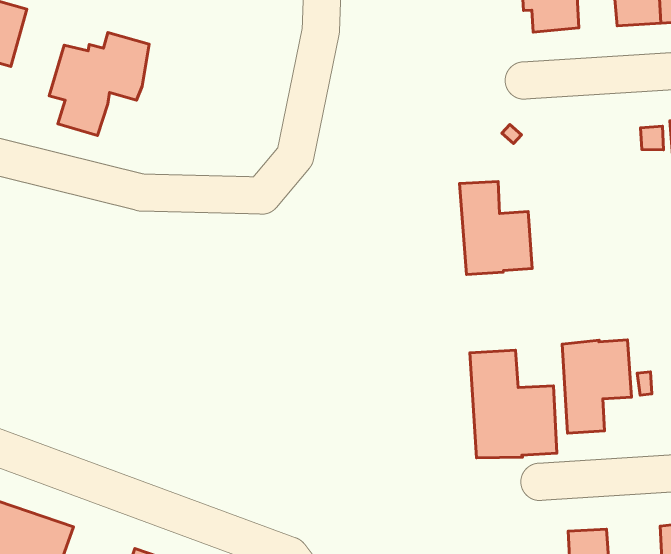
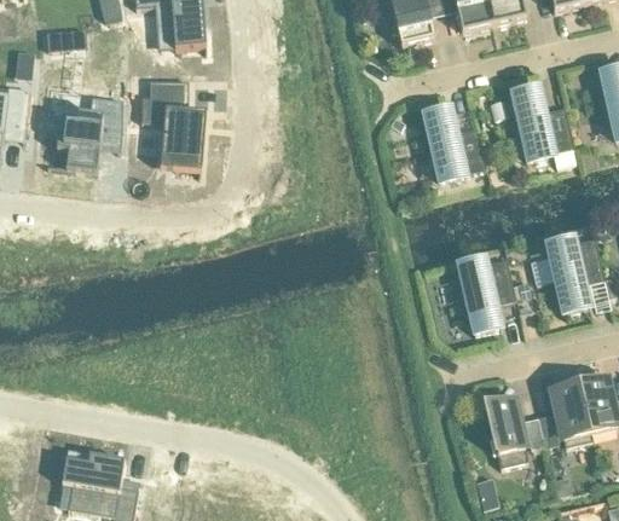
building: none -> [140,79,204,170]
building: [460,182,532,274] -> [422,108,485,179]
building: [470,350,557,458] -> none

